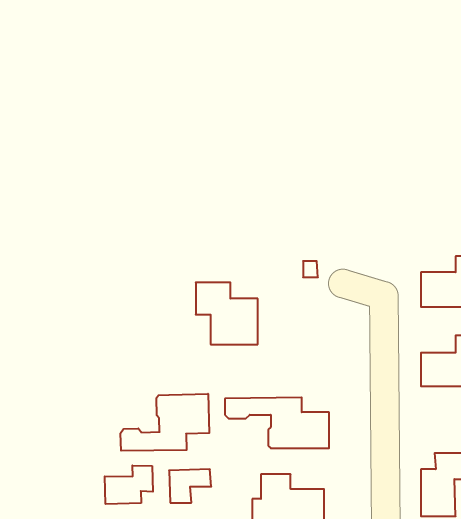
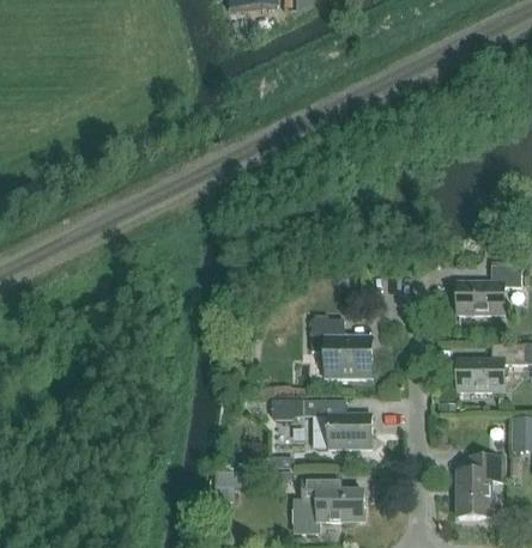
building: [196,282,258,344] -> [312,318,371,378]
building: [121,394,209,451] -> none
building: [105,465,153,504] -> none

